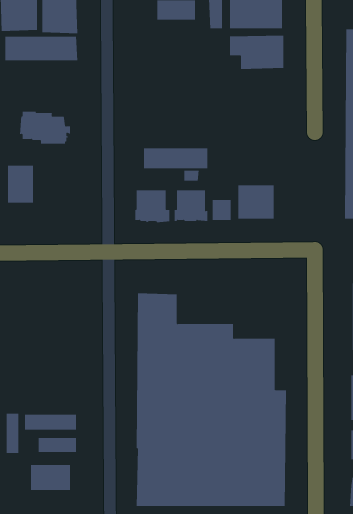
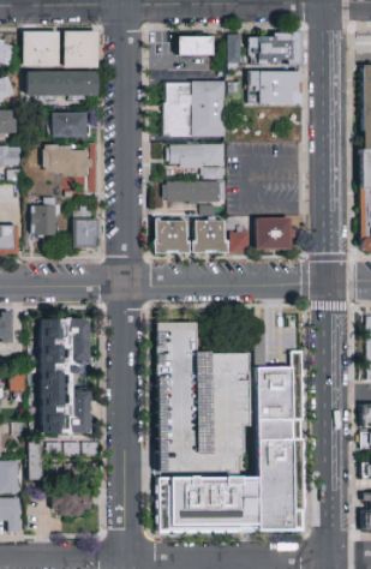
building: none -> [164,80,227,136]
building: none -> [52,112,91,136]
building: none -> [166,143,226,172]
building: none -> [72,204,100,247]
building: none -> [38,317,90,433]

